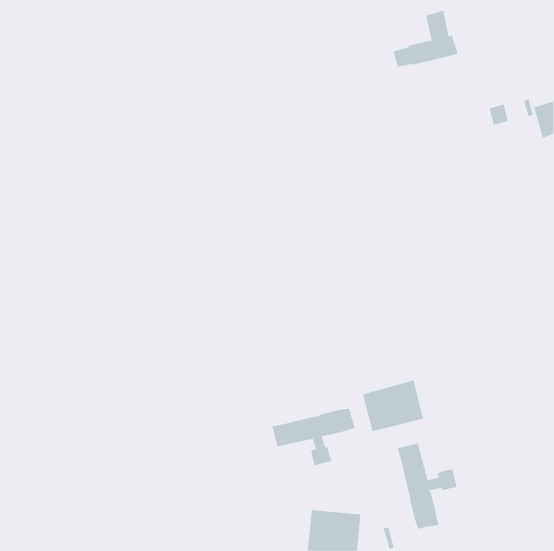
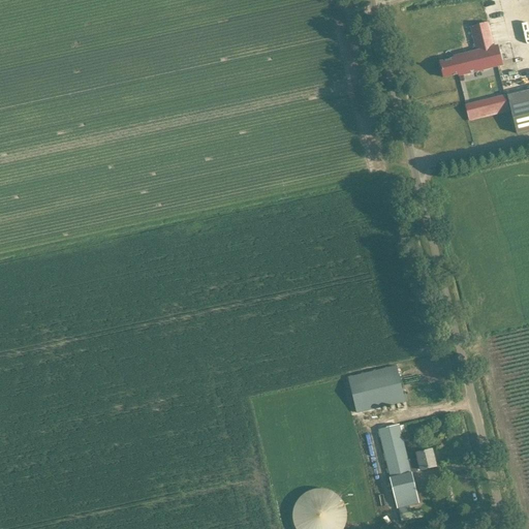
building: [393,10,458,67] -> [440,21,502,75]
building: [272,408,356,466] -> none

